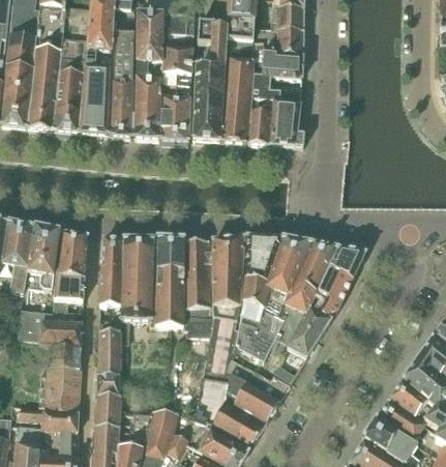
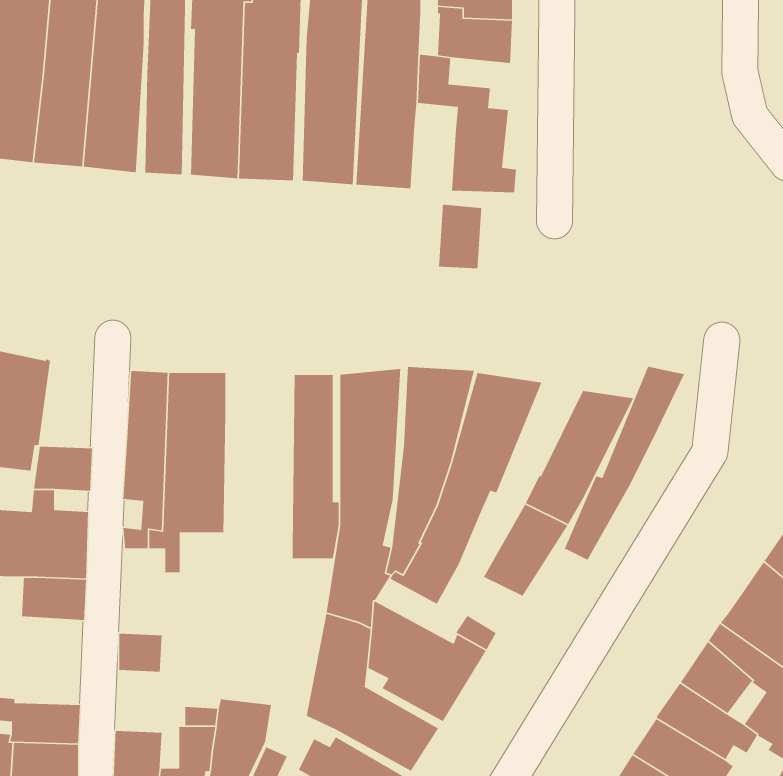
building: [249,110,272,144] -> [438,204,482,269]
building: [56,232,87,278] -> none
building: [149,238,185,326] -> none
building: [274,243,337,345] -> [564,366,685,561]
building: [97,330,121,375] -> none
building: [43,366,80,411] -> none
building: [95,393,121,426] -> none

